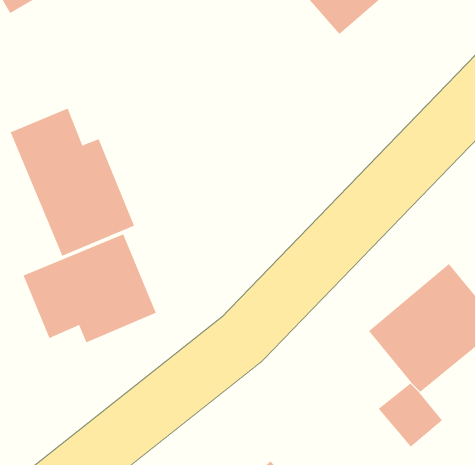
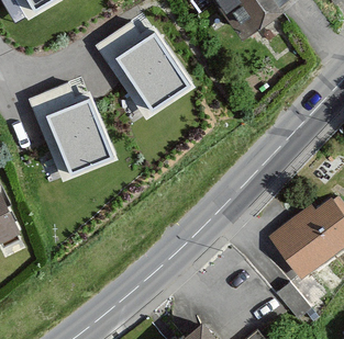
building: none -> [96,25,191,125]
building: [23,233,156,343] -> none

